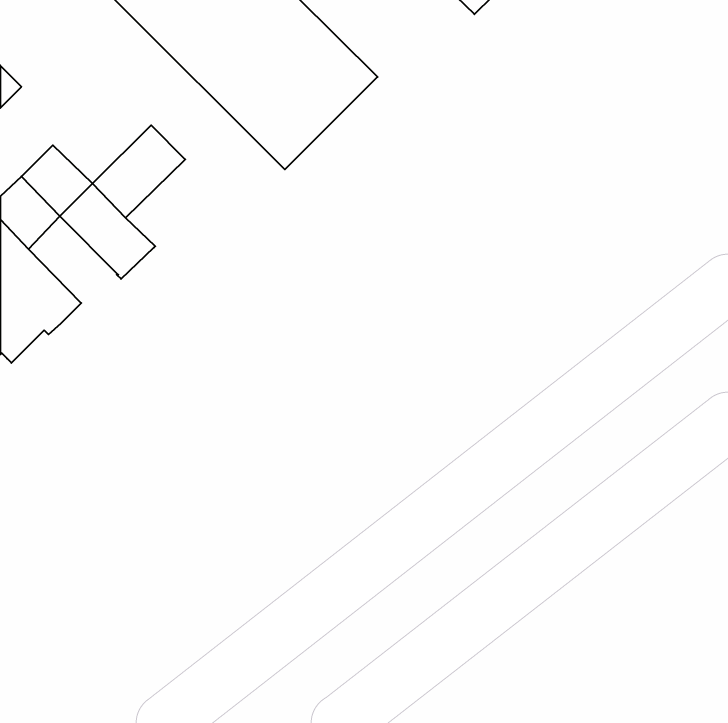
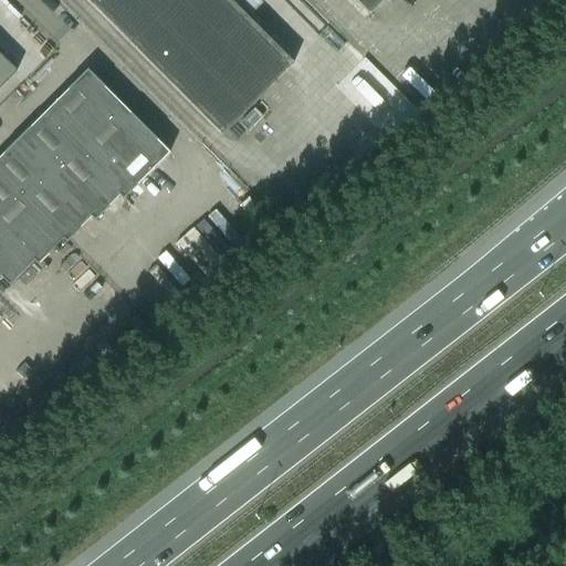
building: none -> [41,66,117,143]
building: none -> [97,124,169,196]
building: none -> [22,168,92,239]

